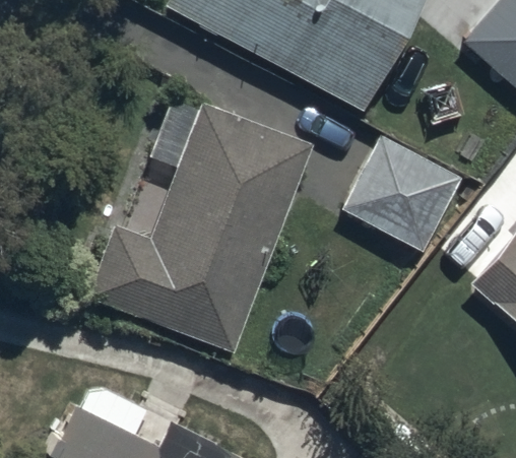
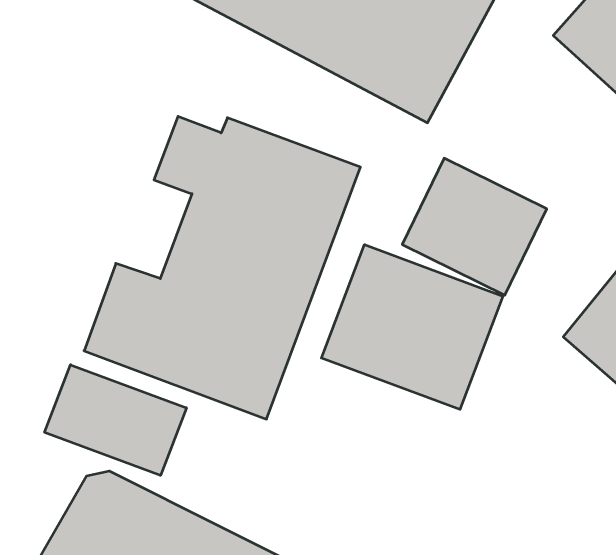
building: none -> [321,245,503,409]
building: none -> [45,365,186,475]

